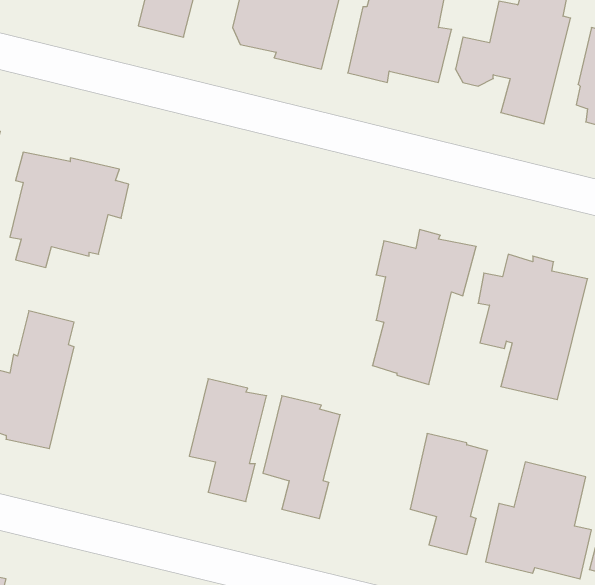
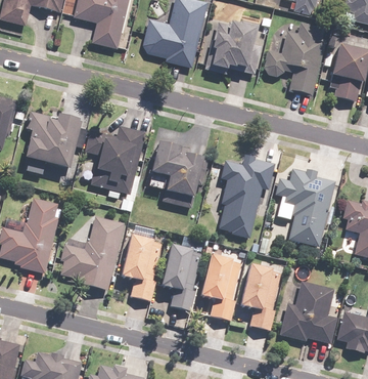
building: none -> [85,125,145,210]
building: none -> [148,142,209,208]
building: none -> [60,216,124,290]
building: none -> [199,254,240,321]

